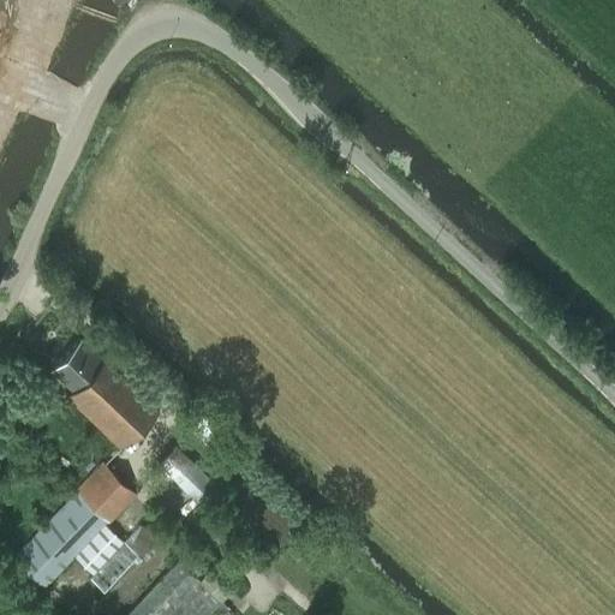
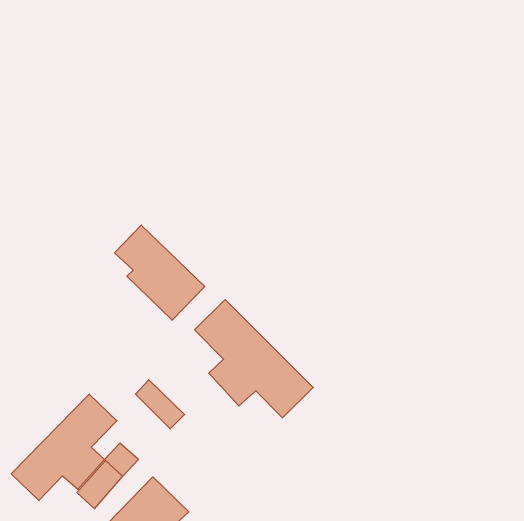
building: [52,339,157,450] -> [115,225,205,320]
building: none -> [195,300,313,418]

